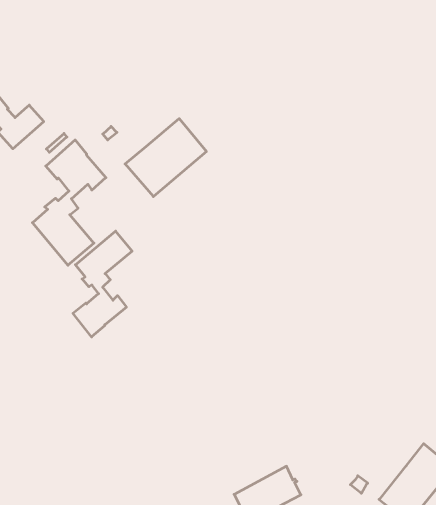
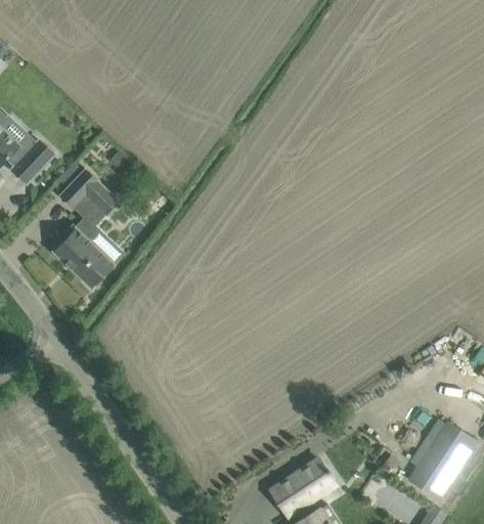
building: [125,119,206,197] -> none
building: [73,231,132,337] -> none

